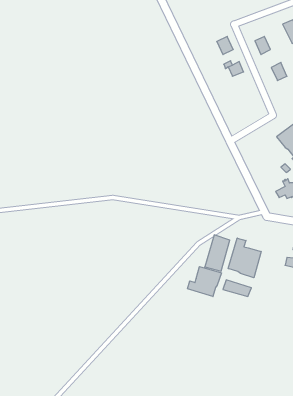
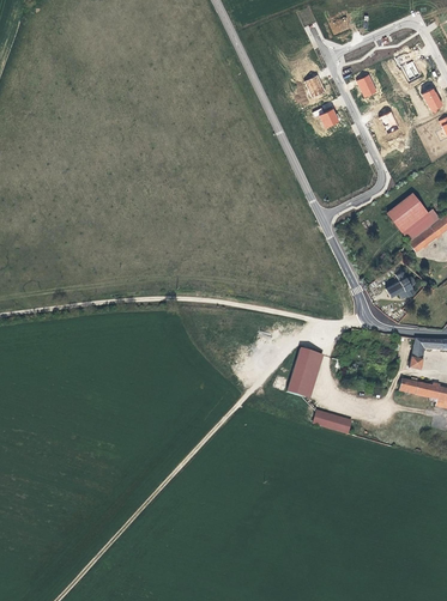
building: [228,238,261,278] -> none
building: [188,267,221,297] -> none

